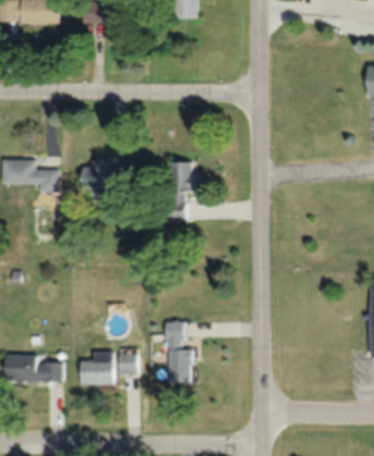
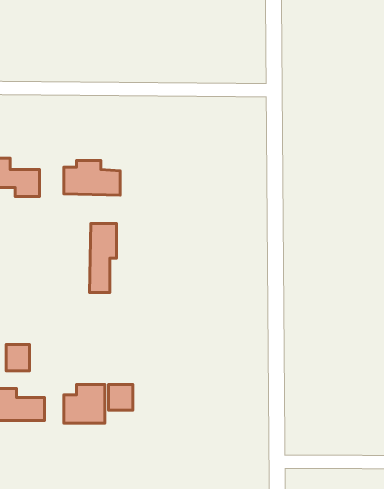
building: [171,162,194,221] -> [90,224,116,293]
building: none -> [6,345,30,371]
building: [167,321,191,383] -> none

